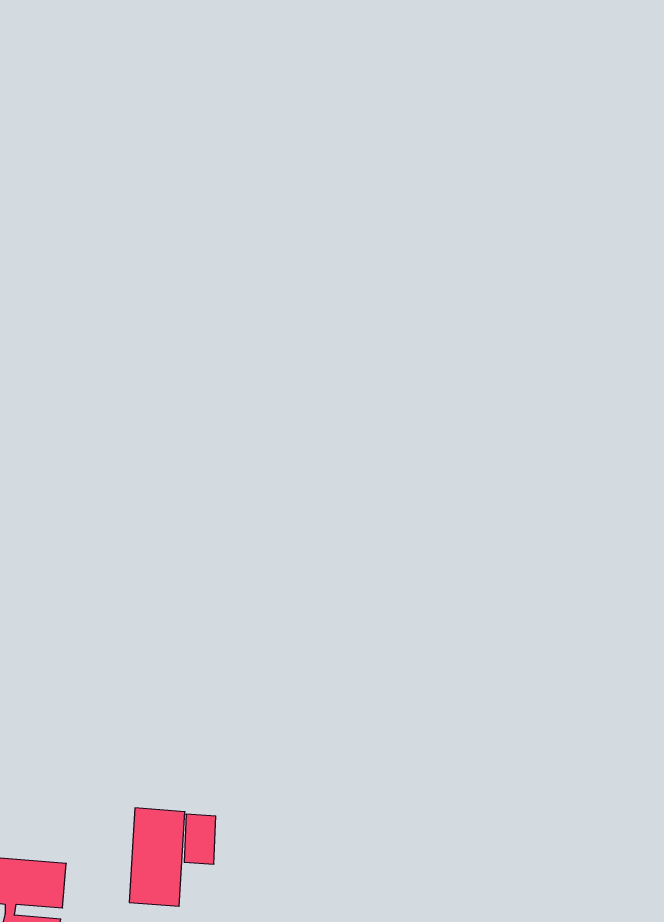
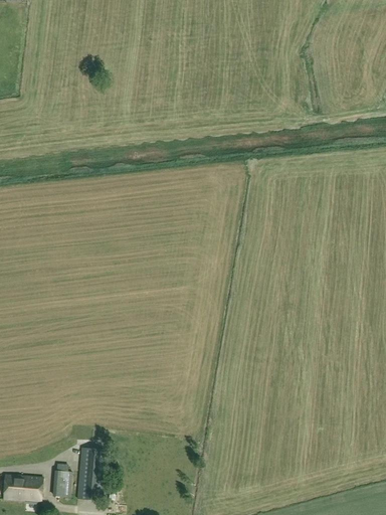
building: [184,814,216,864] -> [55,470,72,497]

